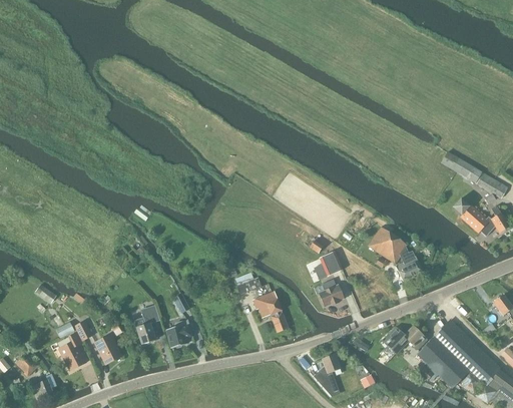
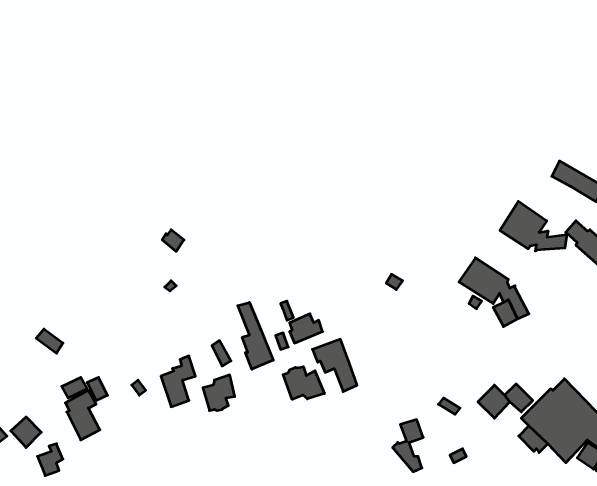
building: none -> [500,201,567,251]
building: [314,251,343,280] -> none
building: none -> [238,302,273,369]
building: [319,279,344,307] -> none
building: none -> [283,367,324,399]
building: [95,334,121,363] -> none

